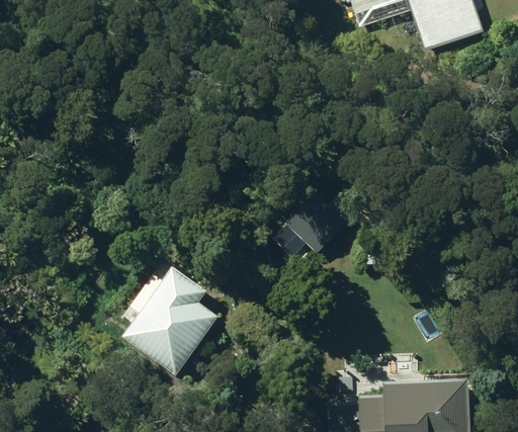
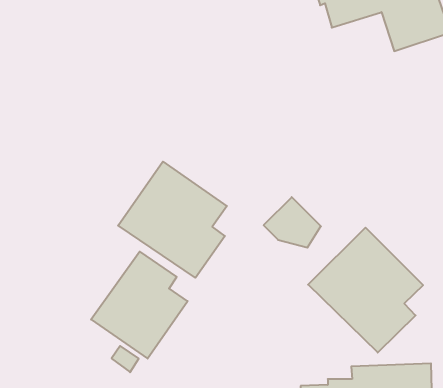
building: none -> [118,162,227,278]
building: none -> [308,228,423,353]

